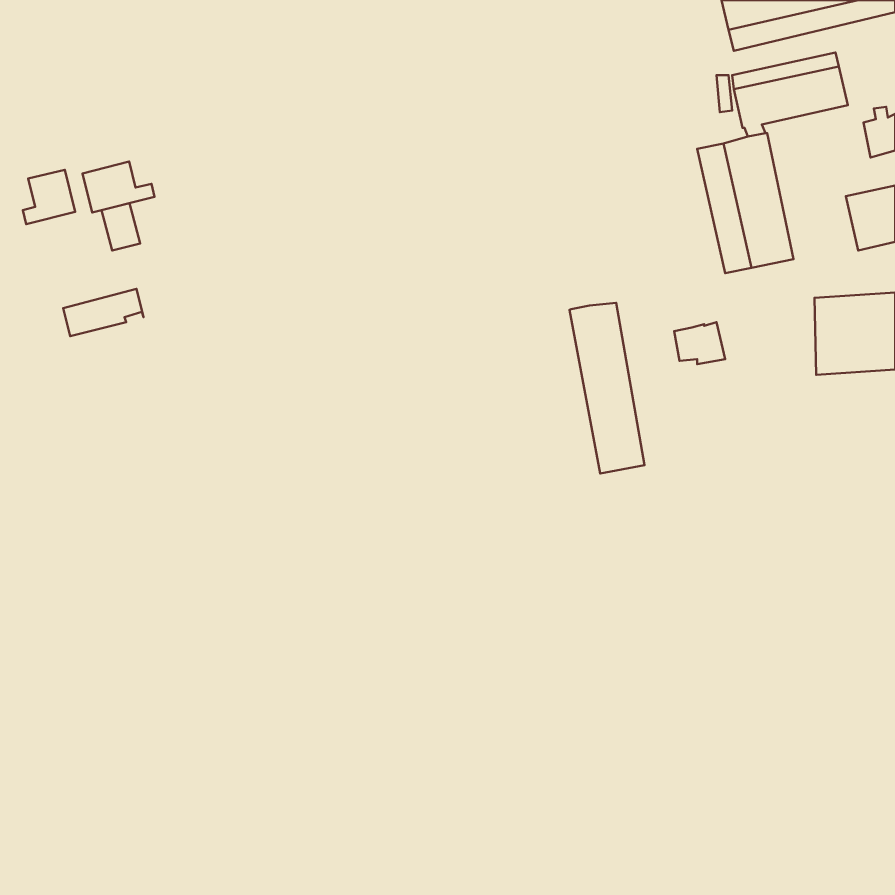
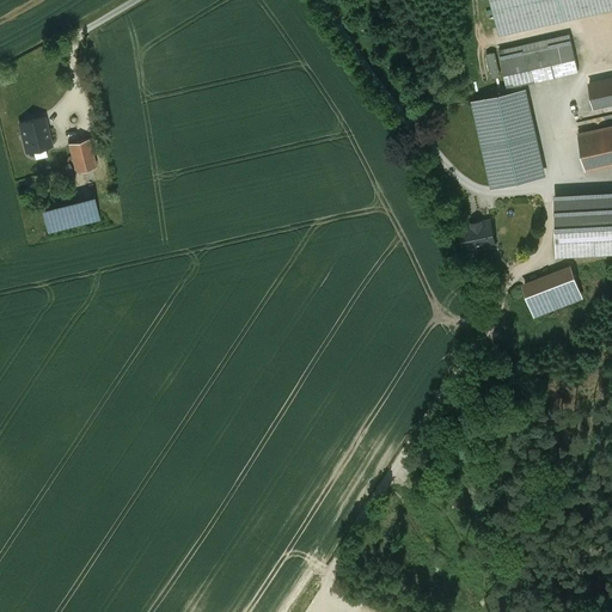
building: [83,162,155,212] -> none
building: [569,303,644,474] -> none
building: none -> [525,270,581,316]

